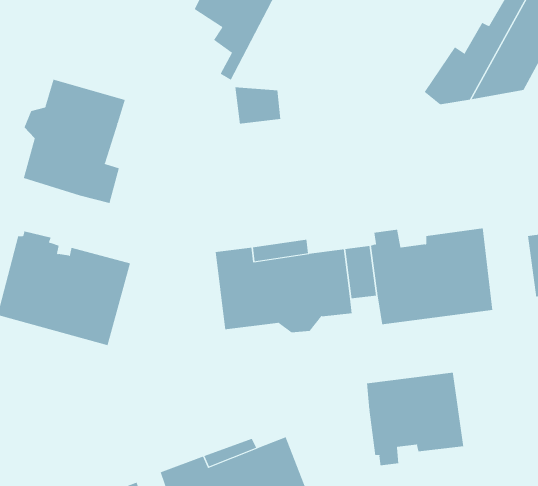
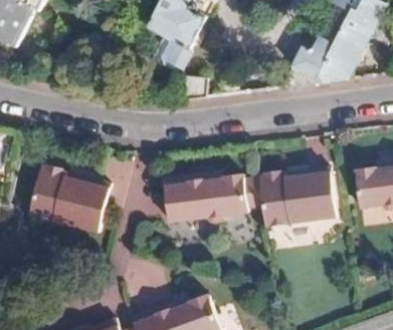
building: [23,79,125,204] -> none
building: [366,372,464,466] -> none

